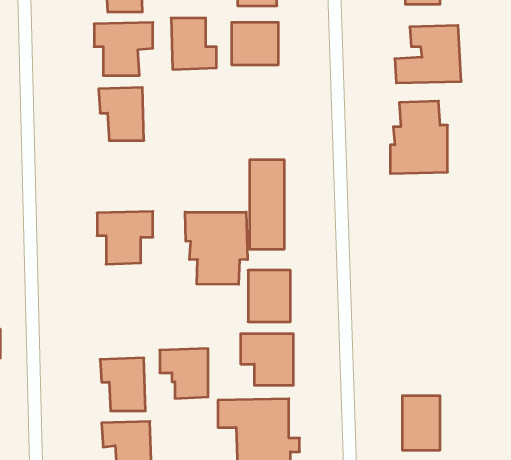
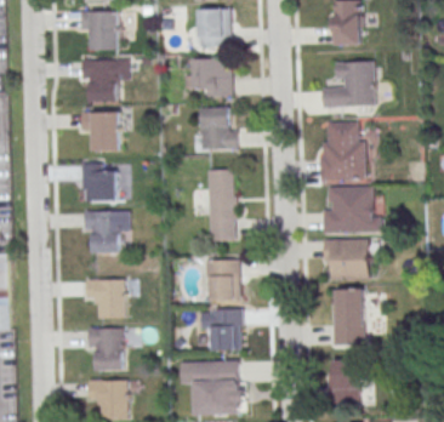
building: [171,18,216,69] -> [200,108,237,149]
building: none -> [80,164,116,201]
building: none -> [323,187,381,234]
building: [185,212,248,284] -> none
building: none -> [324,240,369,280]
building: none -> [332,290,365,346]
building: [160,349,208,398] -> [85,279,124,319]

